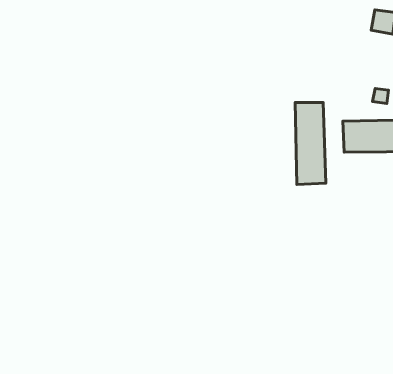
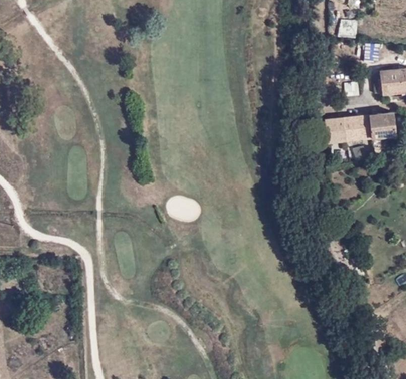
building: [295,102,326,185] -> none

